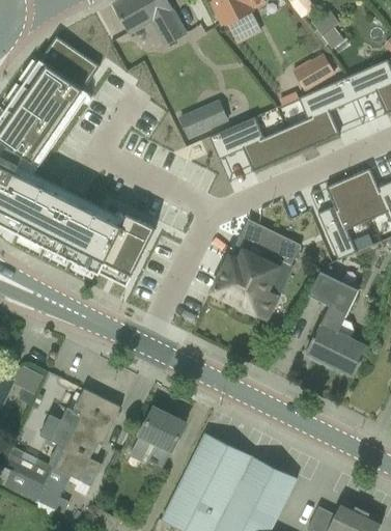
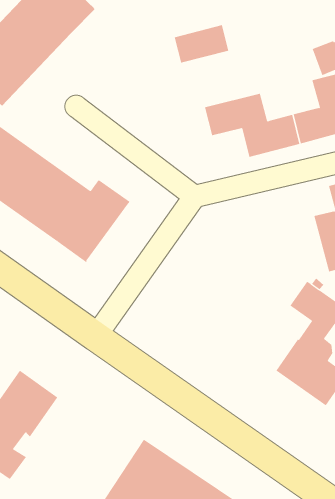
building: [179,99,229,138] -> [174,25,229,63]
building: [214,223,302,316] -> none
building: [131,407,187,472] -> none

